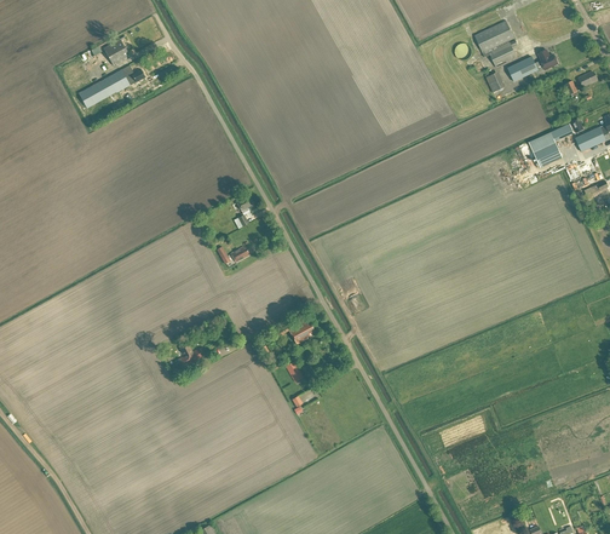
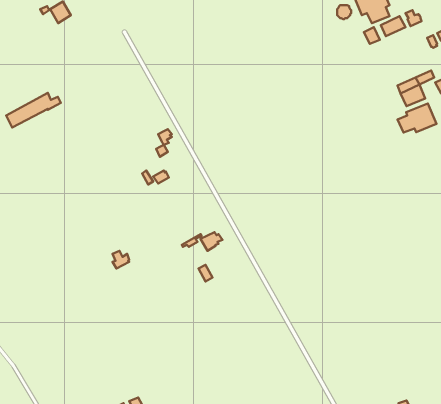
building: [79,64,145,107] -> [6,93,61,127]
building: none -> [397,104,437,133]

